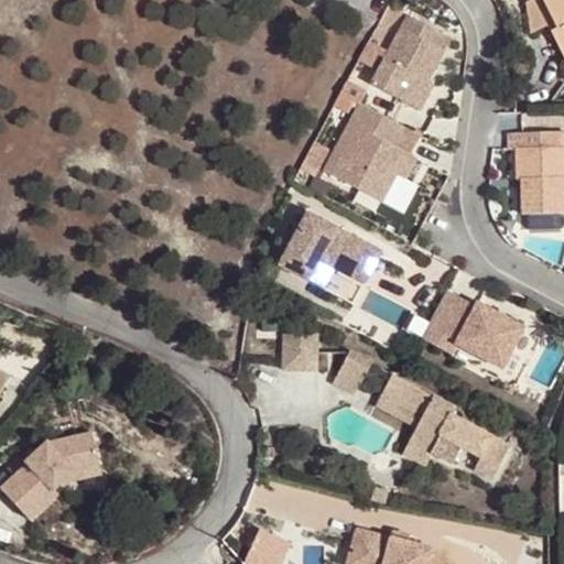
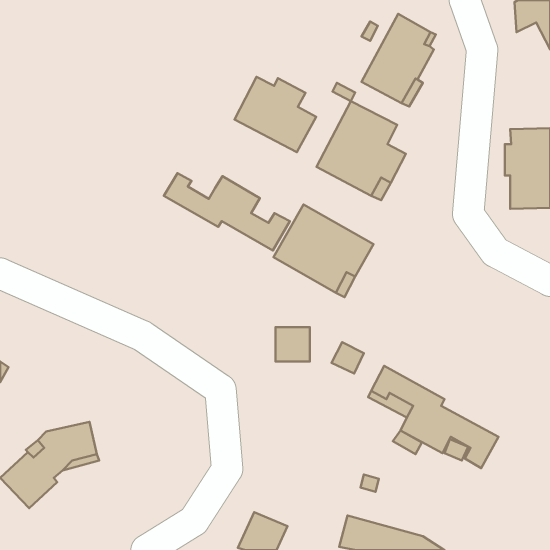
building: none -> [234,77,316,152]
building: none -> [164,173,290,250]
building: [421,290,524,369] -> none

